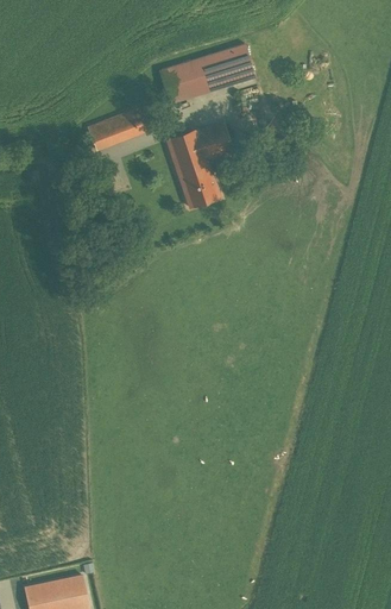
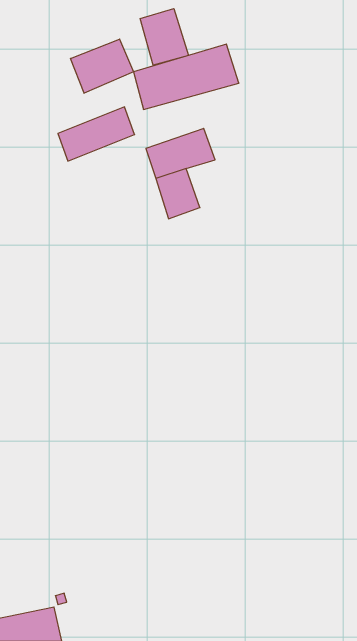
building: none -> [140,9,189,65]
building: none -> [71,39,133,93]

